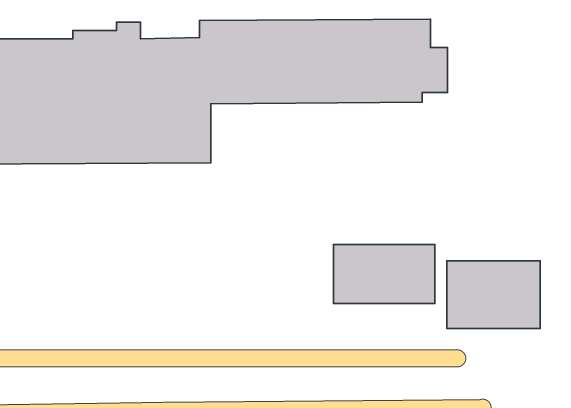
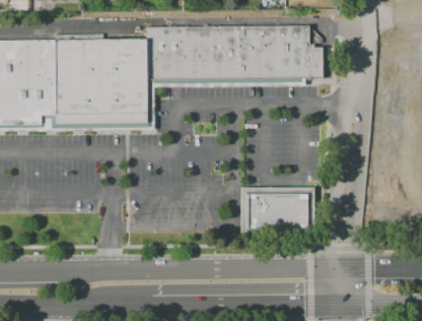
building: [447,261,540,328] -> none

